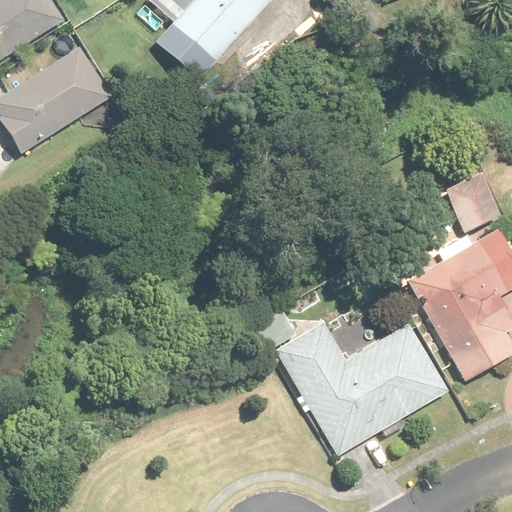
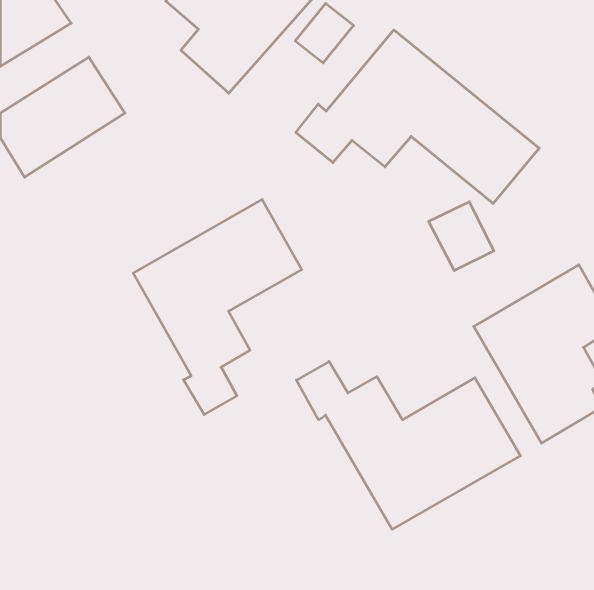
building: none -> [296,30,539,204]
building: none -> [133,199,302,415]
building: [444,173,500,232] -> [429,202,494,271]

